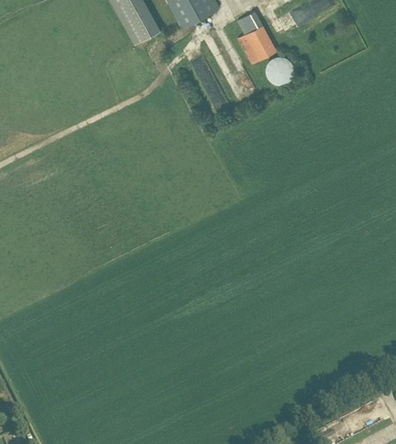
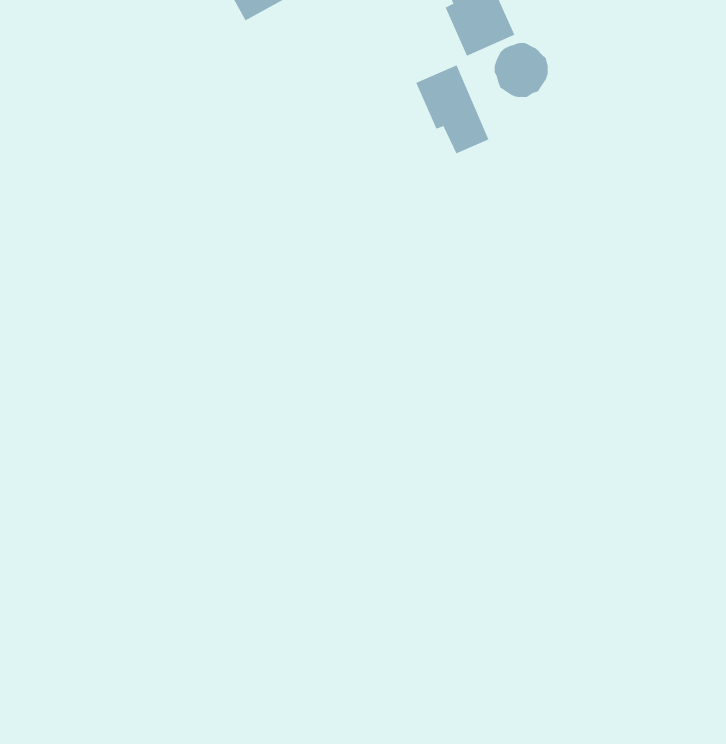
building: none -> [416,65,489,154]

